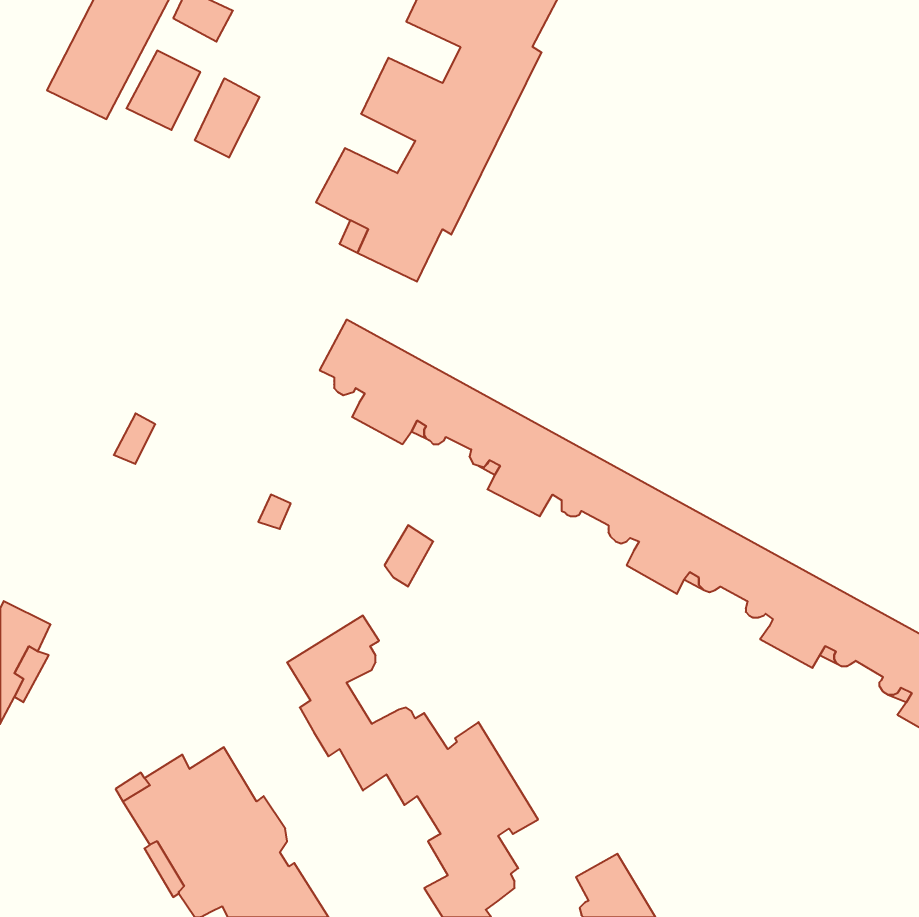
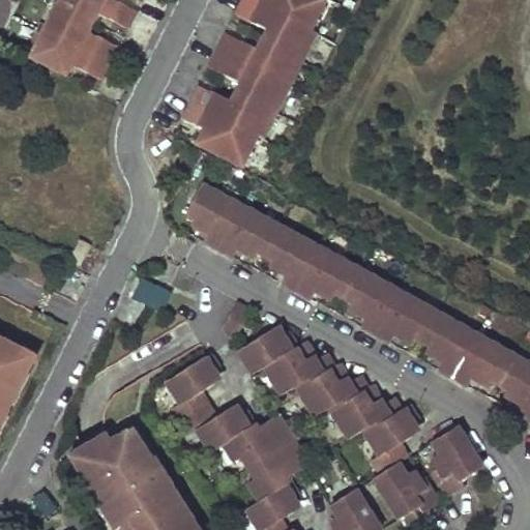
building: [195,78,259,158] -> none
building: none -> [238,328,438,519]
building: none -> [433,425,481,495]

